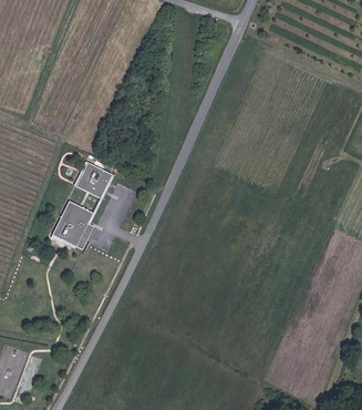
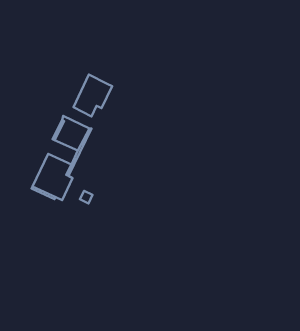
building: none -> [73,75,112,117]

